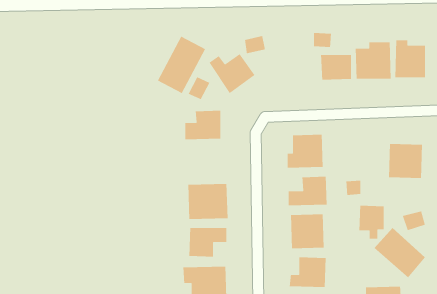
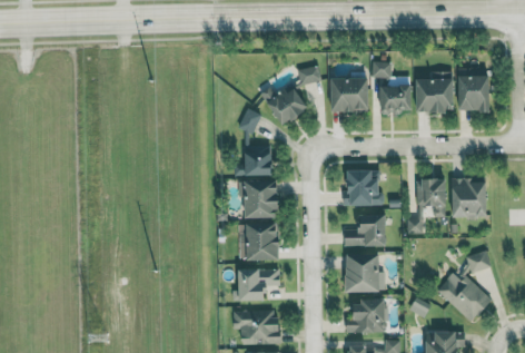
building: [157,35,206,94] -> none
building: none -> [330,77,369,111]
building: none -> [245,179,279,218]
building: [358,205,385,240] -> [418,178,446,215]

